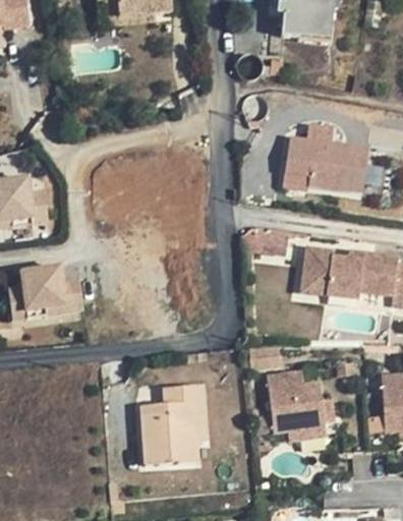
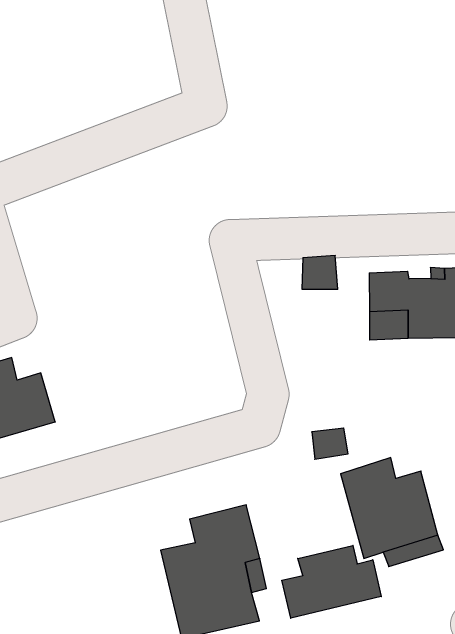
building: [285,136,369,192] -> none
building: none -> [282,545,381,618]

